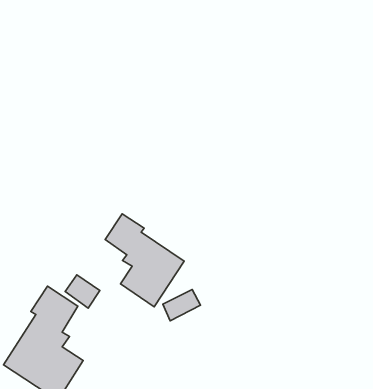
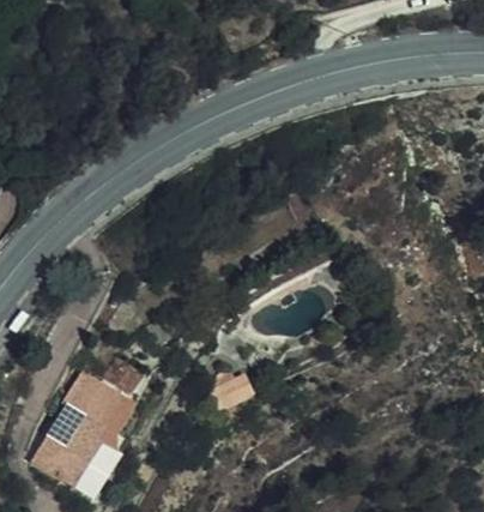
building: [105,214,184,307] -> none

